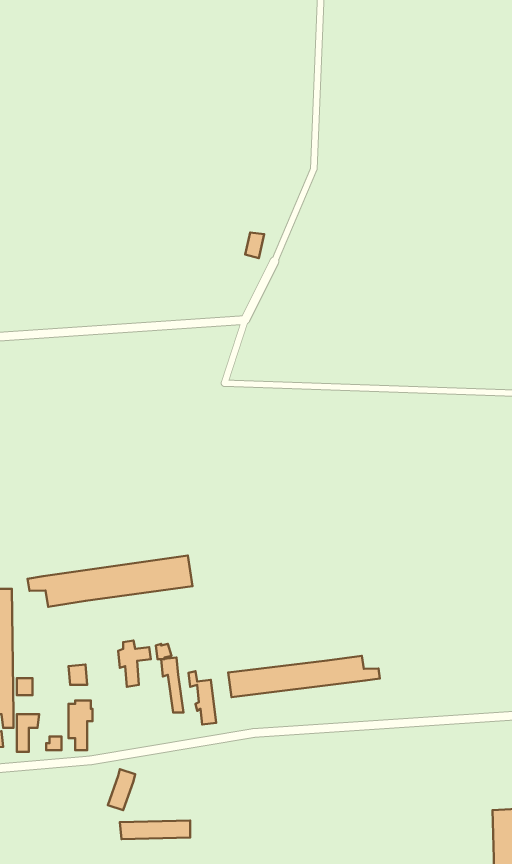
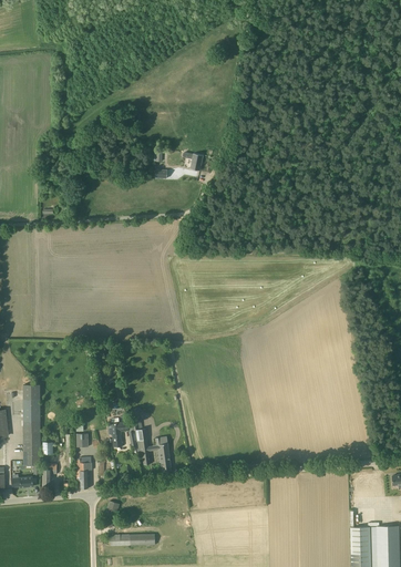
building: [27,556,193,607] -> none
building: [228,656,380,697] -> none

